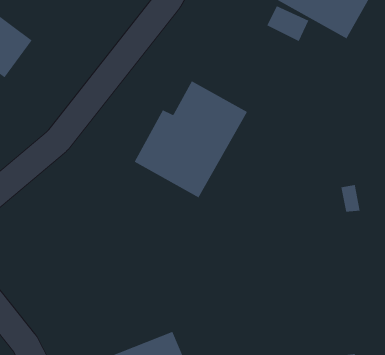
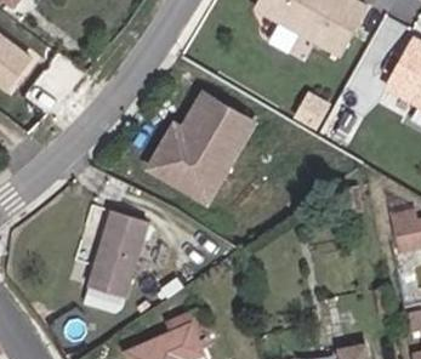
building: none -> [79,217,140,303]

